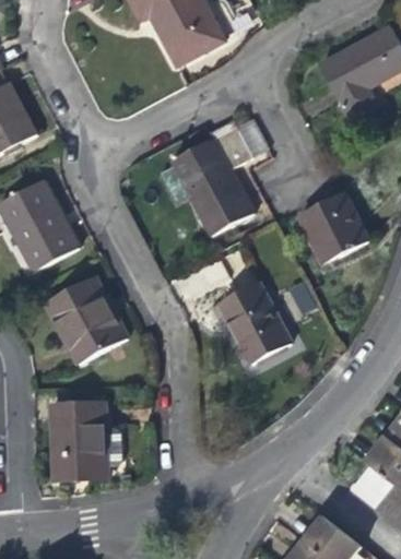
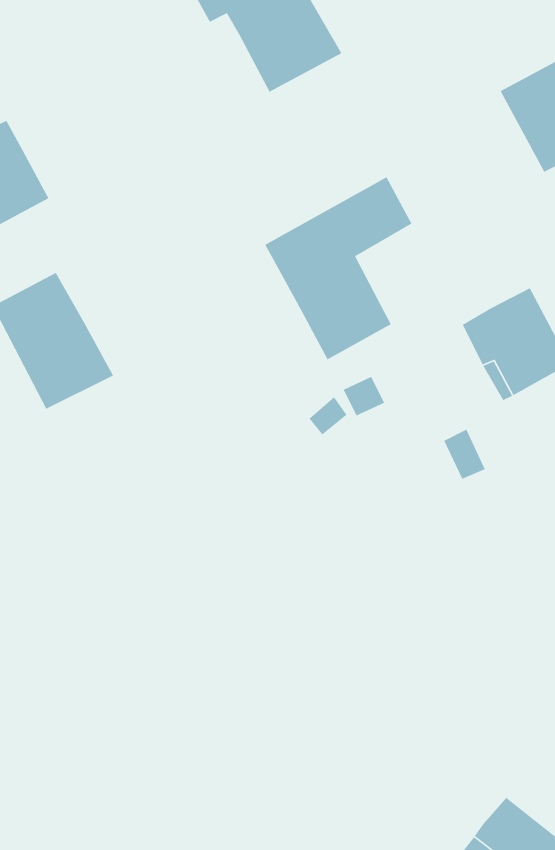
building: [44,274,119,352] -> none
building: [222,282,291,362] -> none
building: [49,402,103,480] -> none

